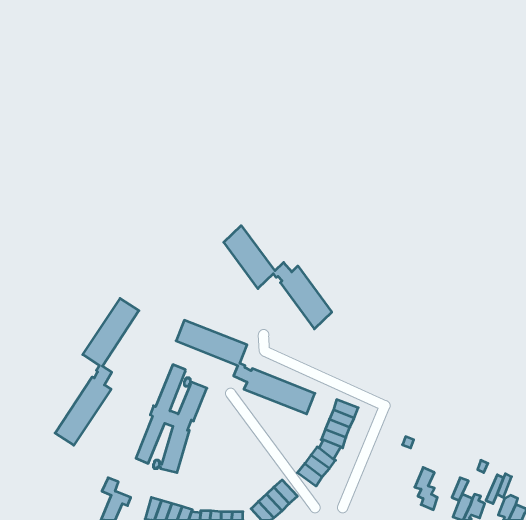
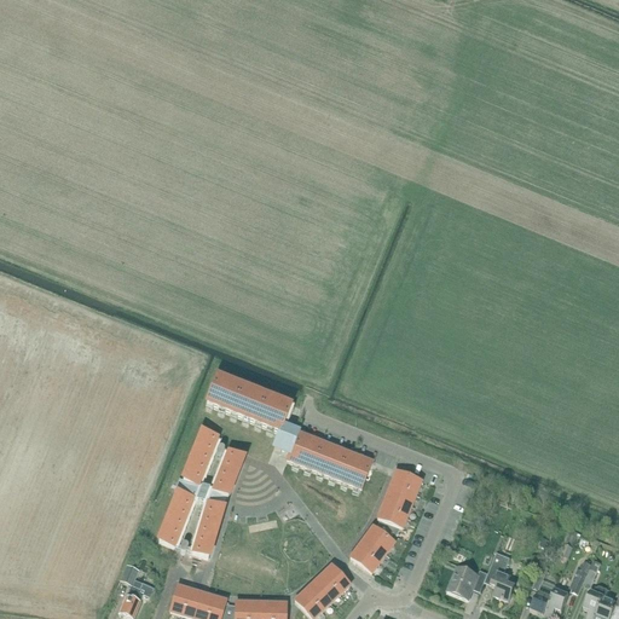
building: [224,226,332,329] -> none
building: [55,298,139,445] -> none
building: none -> [449,566,487,595]

